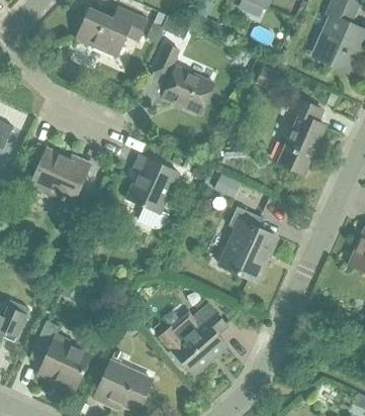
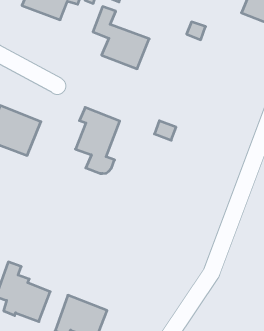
building: [277,97,326,175] -> none
building: [220,206,276,282] -> none
building: [161,304,226,375] -> none

